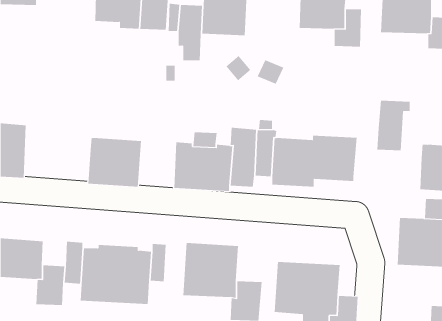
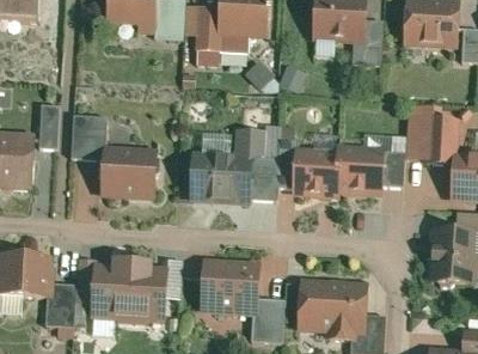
building: none -> [38,105,57,147]
building: none -> [72,116,106,160]
building: none -> [429,120,459,169]
building: none -> [360,135,405,190]

